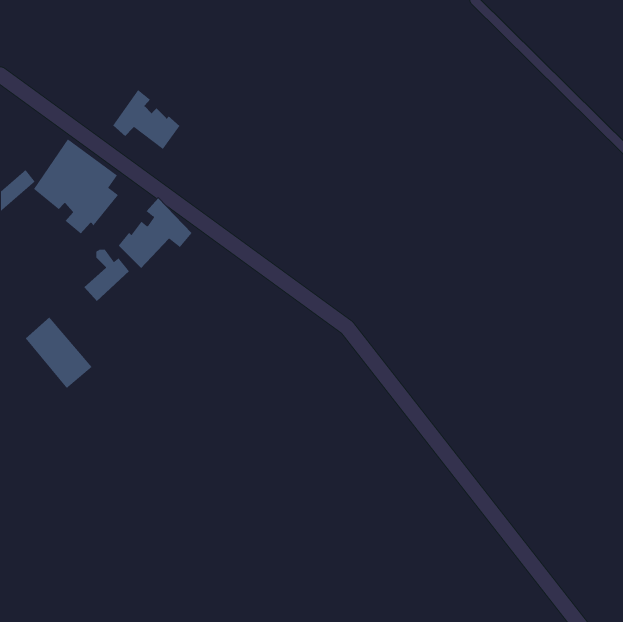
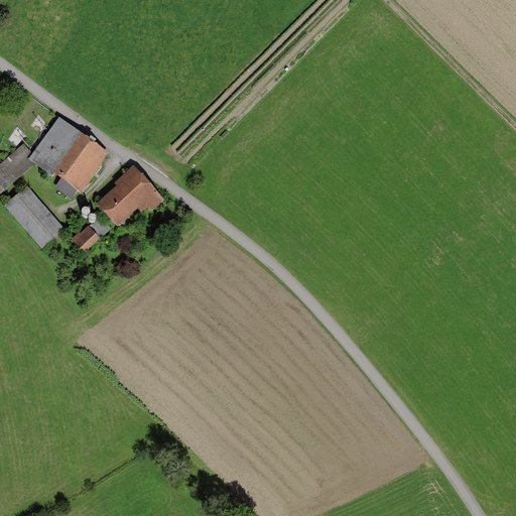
building: [112,89,180,150] -> none
building: [25,316,92,389] -> [7,186,62,246]

